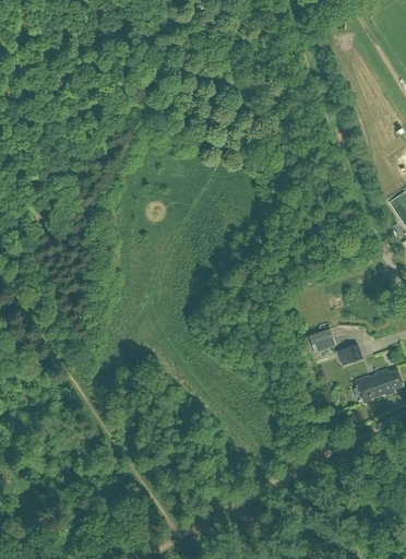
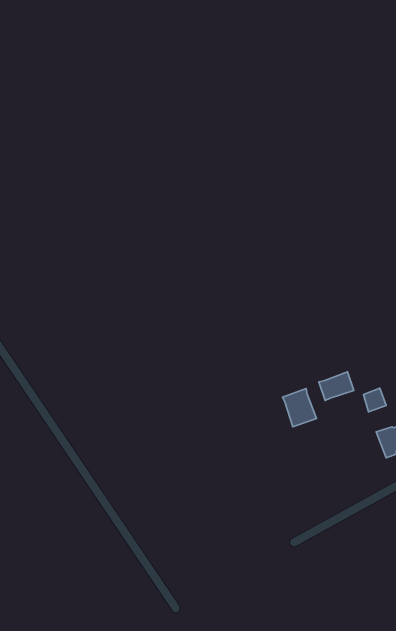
building: none -> [283,389,317,427]

